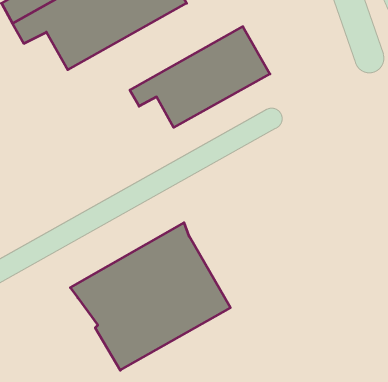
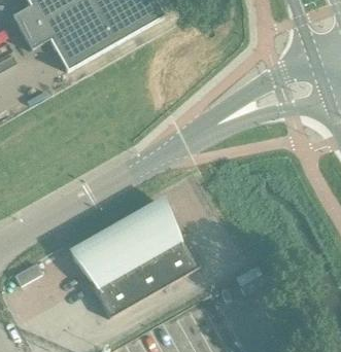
building: [130,27,270,127] -> none

